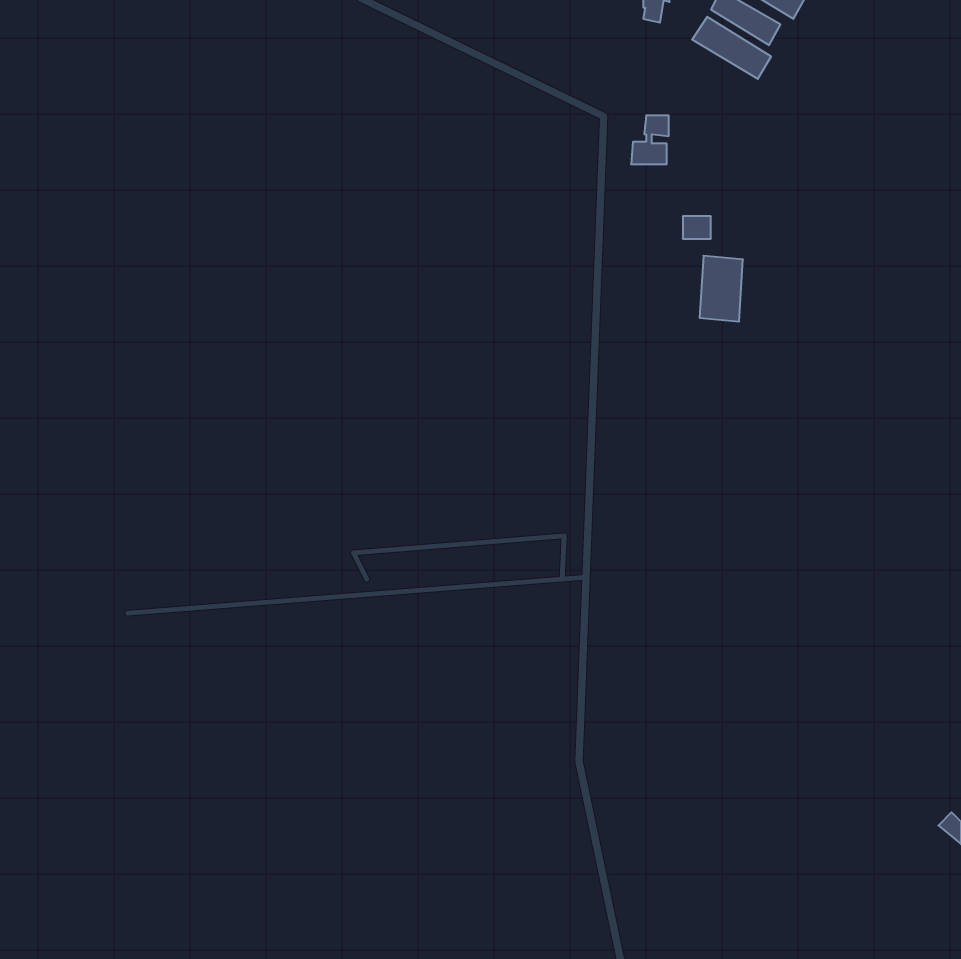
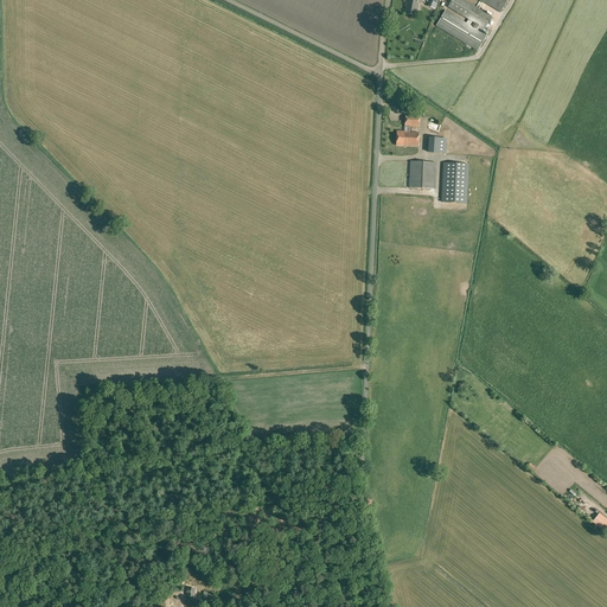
building: [631,115,669,164] -> [396,114,420,145]
building: none -> [409,160,436,189]

